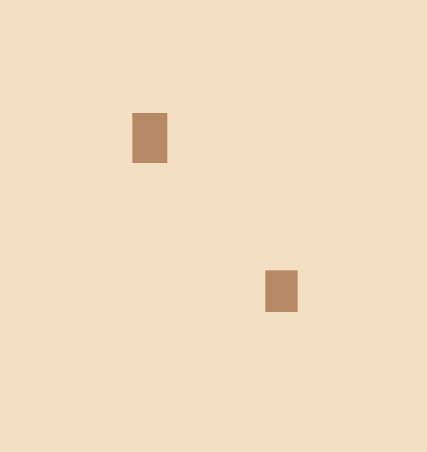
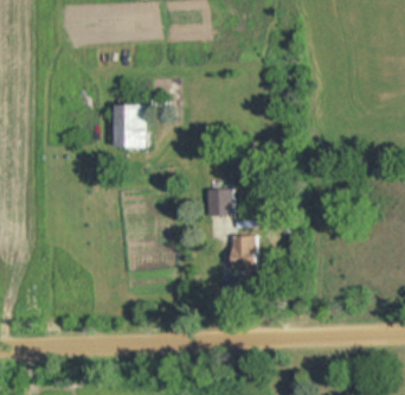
building: none -> [205,191,231,216]

